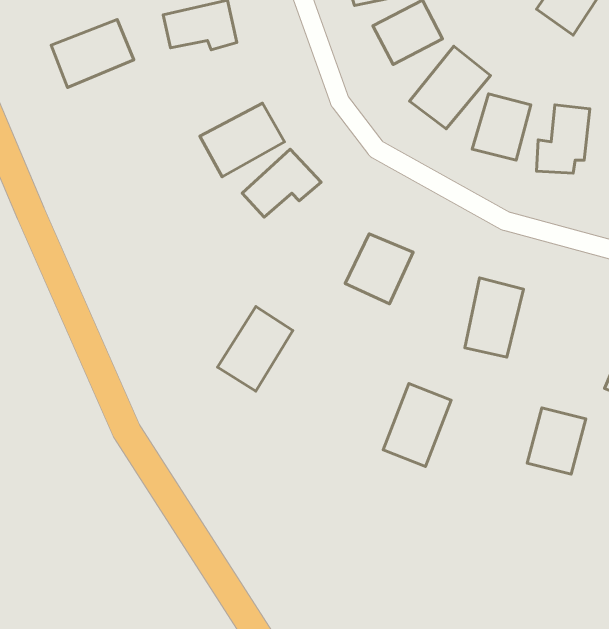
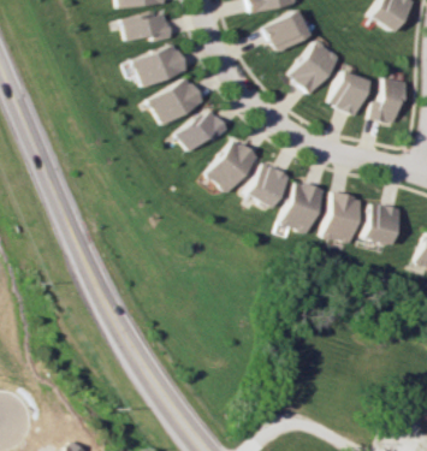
building: [51,19,134,88] -> [136,43,190,88]
building: [217,307,293,391] -> [209,138,259,194]
building: [383,384,451,466] -> [281,180,326,235]
building: [527,408,586,474] -> [363,202,402,245]

